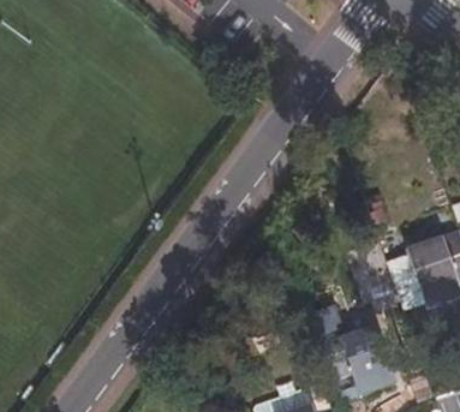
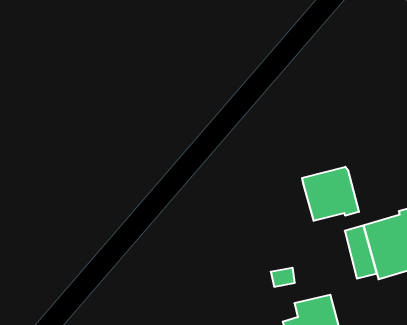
building: none -> [302,167,359,221]

